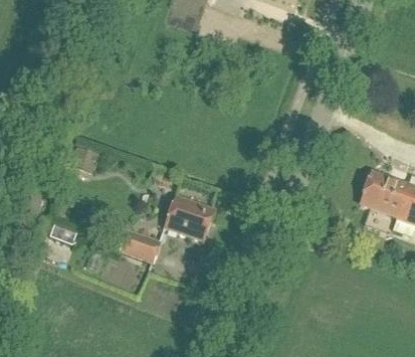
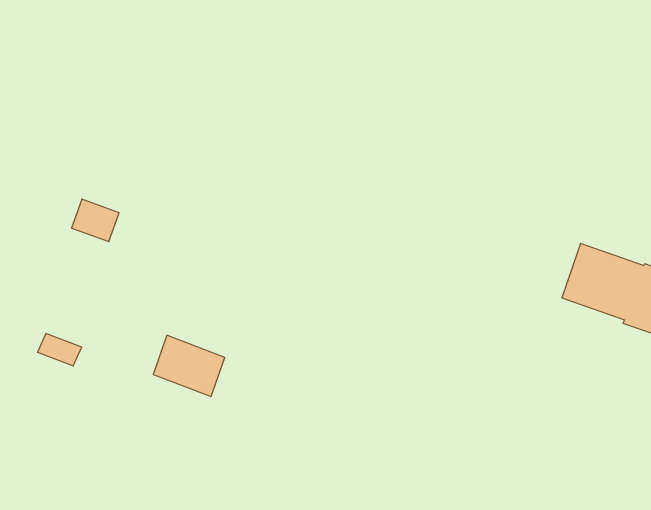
building: [164,195,214,241] -> none

